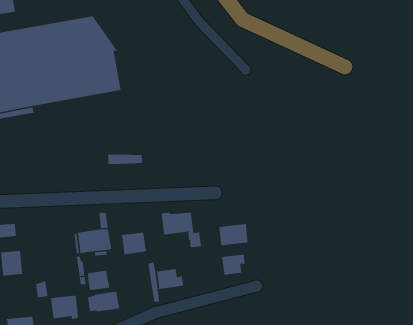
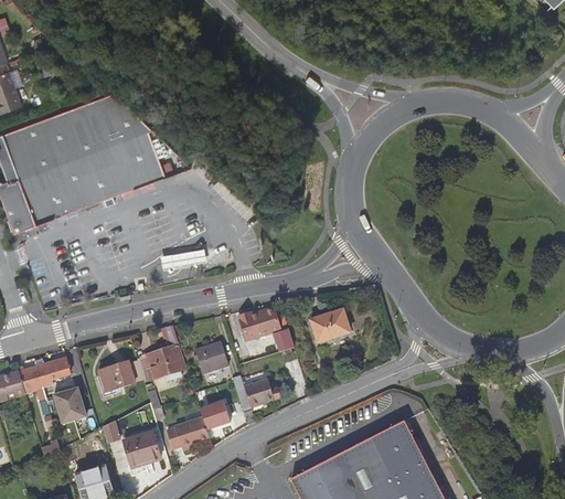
building: none -> [97,361,135,392]
building: [221,254,246,275] -> none
building: [87,270,110,291] -> [199,401,230,429]

